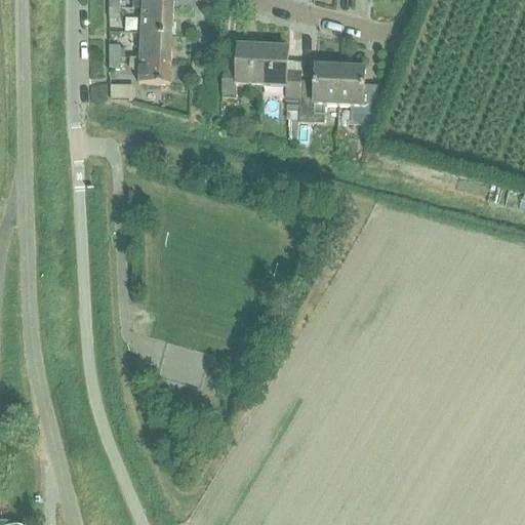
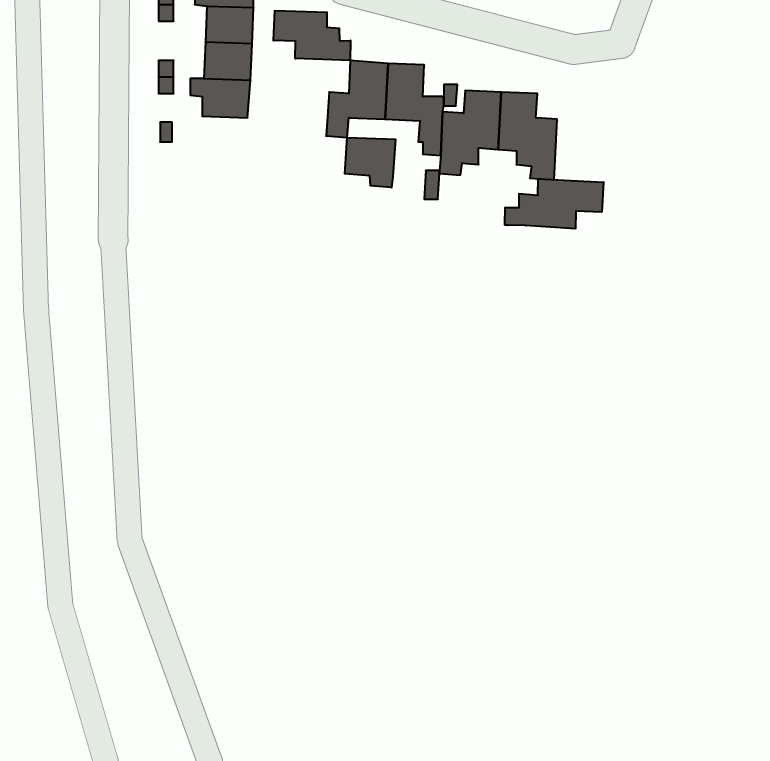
building: none -> [273,11,351,60]
building: none -> [345,137,395,188]
building: none -> [505,179,604,229]

